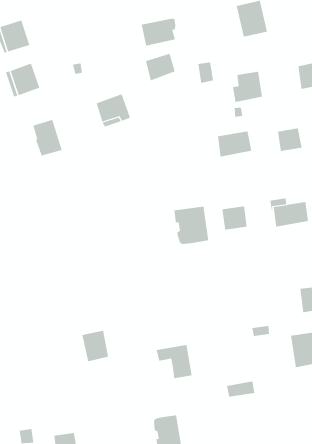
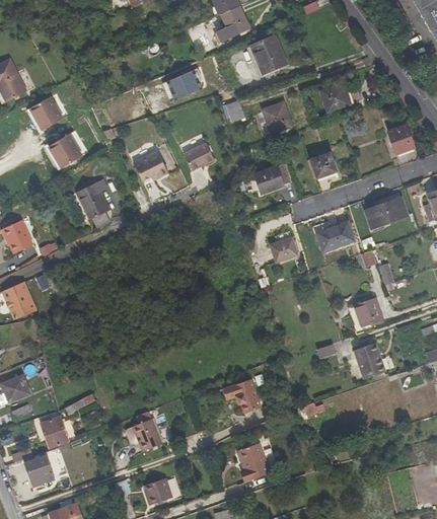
building: [145,53,176,81] -> [185,139,215,168]
building: [174,206,209,245] -> none
building: [81,330,109,362] -> [133,419,162,451]

